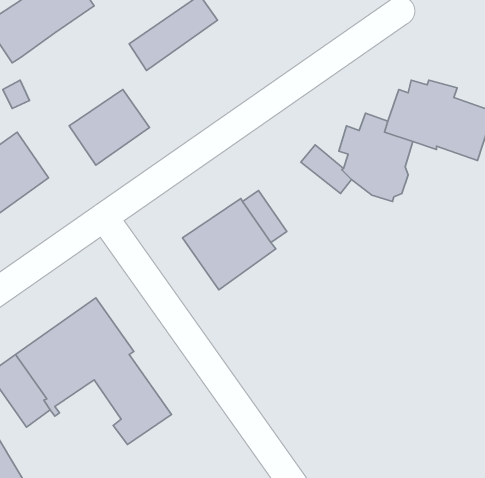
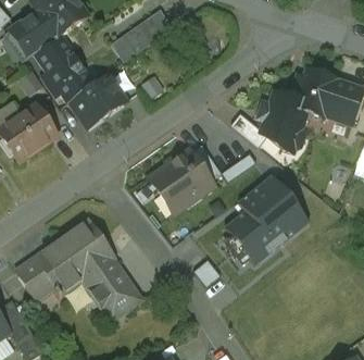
building: none -> [37,36,93,100]
building: none -> [227,174,309,264]

